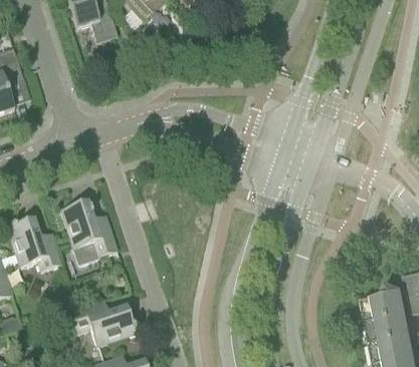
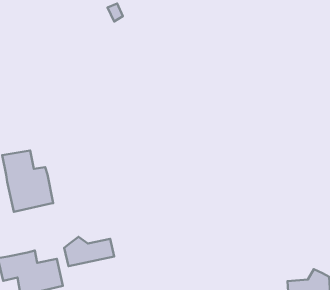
building: none -> [64,237,114,266]

